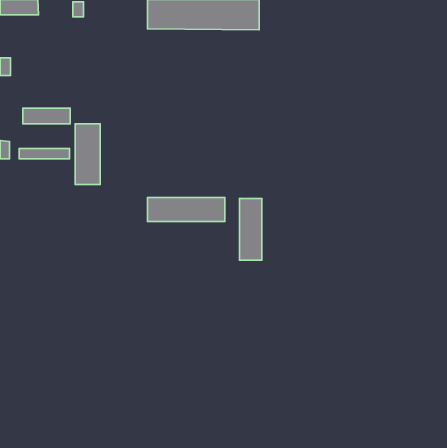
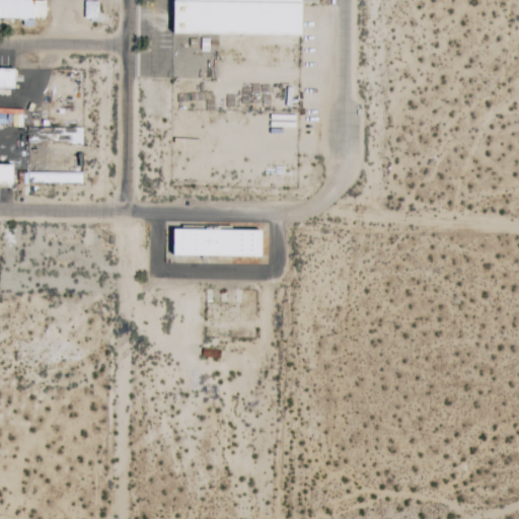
building: [75,124,100,184] -> none
building: [240,199,262,260] -> none

